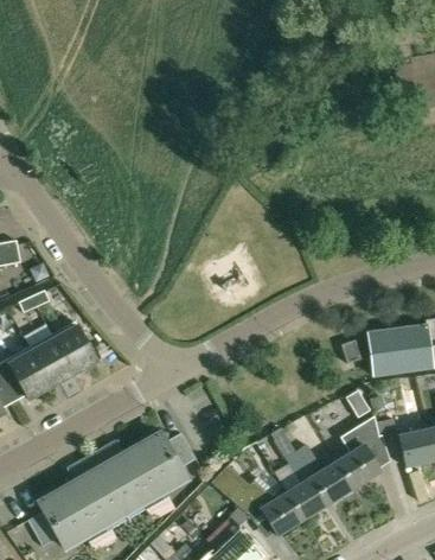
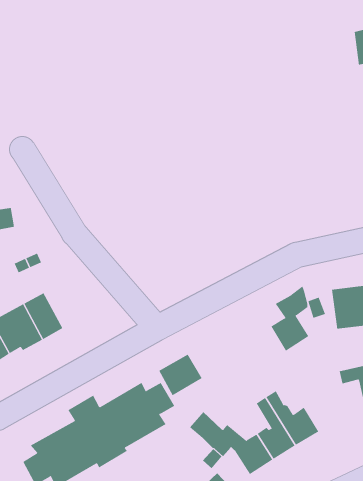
building: [51,322,96,374] -> none
building: none -> [158,354,202,396]
building: [338,415,380,488] -> [271,286,309,351]

